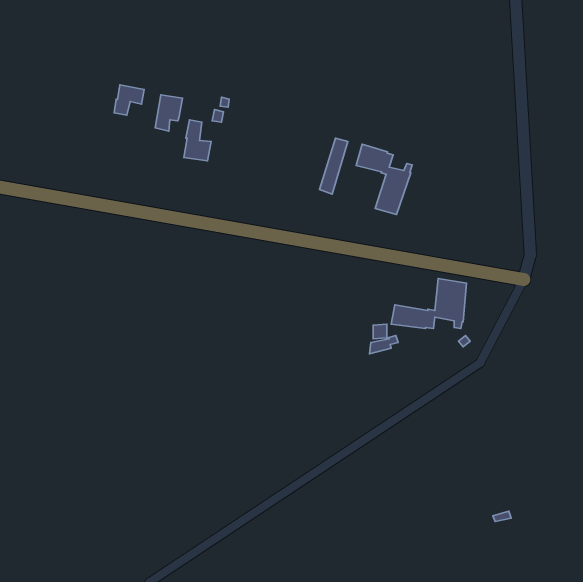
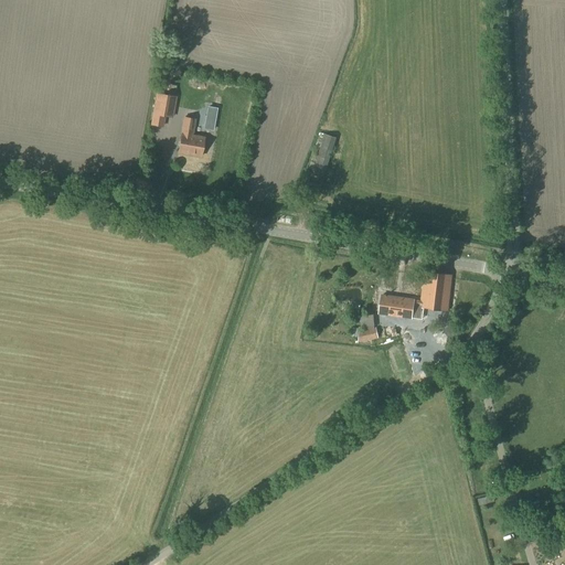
building: [114,85,144,115] -> none
building: [356,144,412,214] -> none

